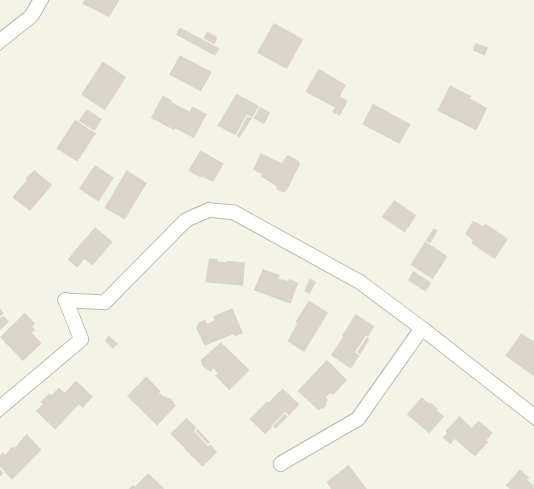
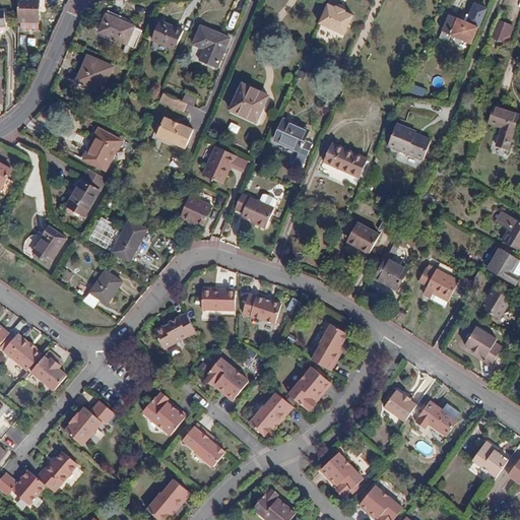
building: [150,95,208,139] -> none
building: [464,220,509,260] -> [418,268,457,301]
building: [286,299,329,353] -> none
building: [195,307,244,347] -> [155,313,197,348]

